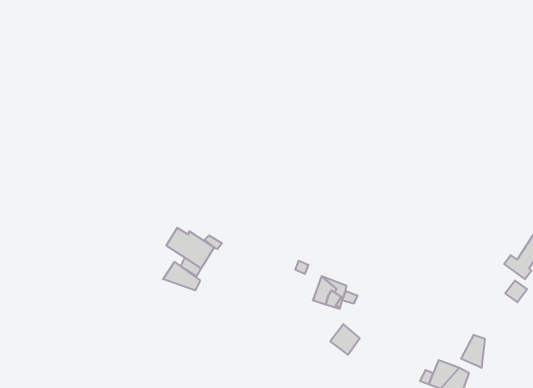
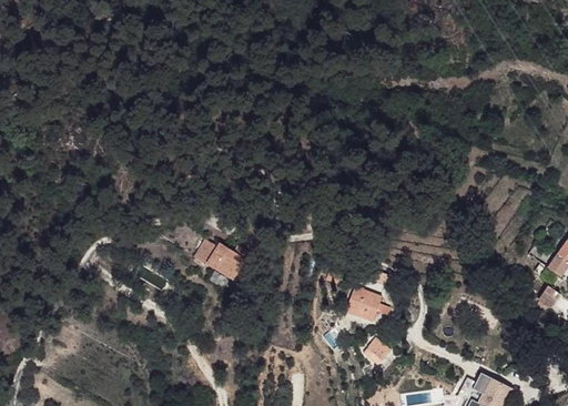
building: [163,262,200,290] -> none
building: [461,335,485,368] -> none

